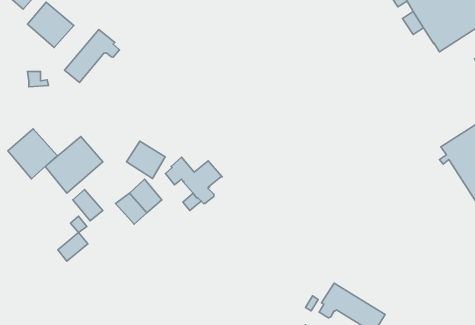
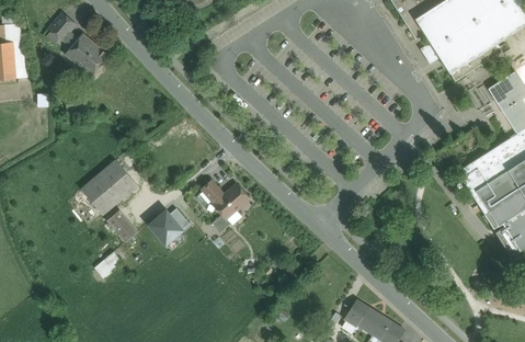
building: [64,30,119,83] -> none
building: [8,129,57,179] -> none
building: [127,141,165,178] -> none

